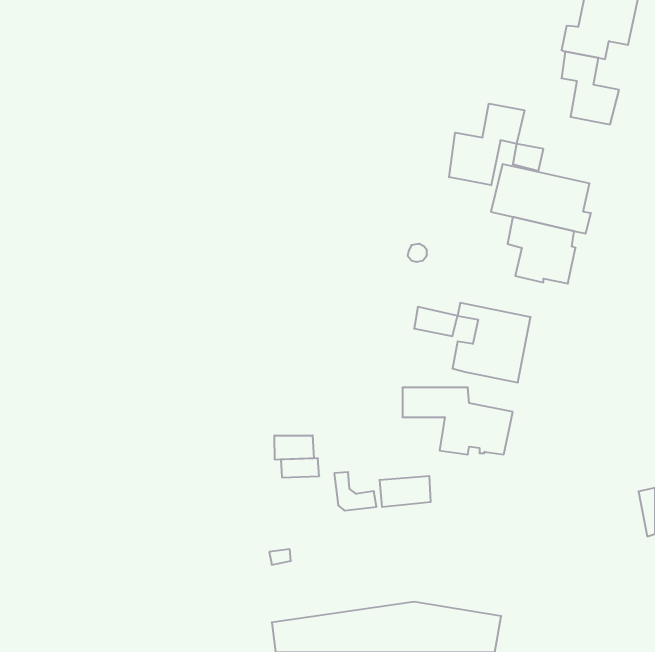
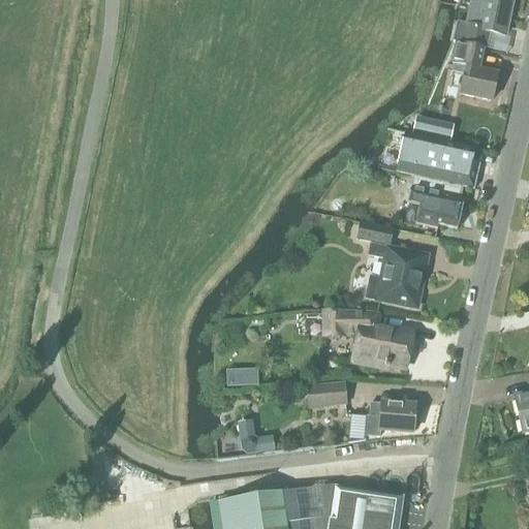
building: [449,104,524,185] -> none
building: [414,307,458,336] -> [357,222,393,246]
building: [274,435,314,460] -> none
building: [334,472,377,511] -> [240,421,274,452]
building: none -> [365,402,415,436]

